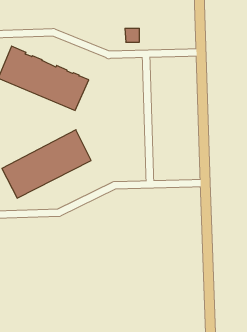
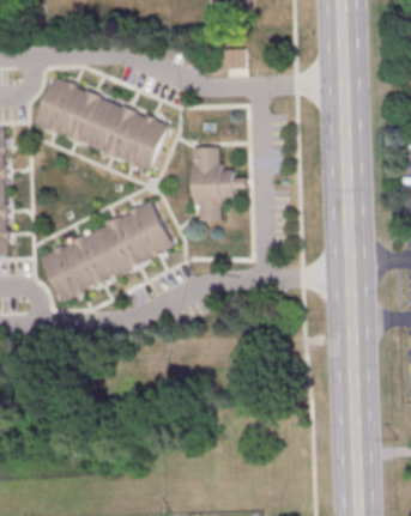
building: none -> [195,147,247,221]

